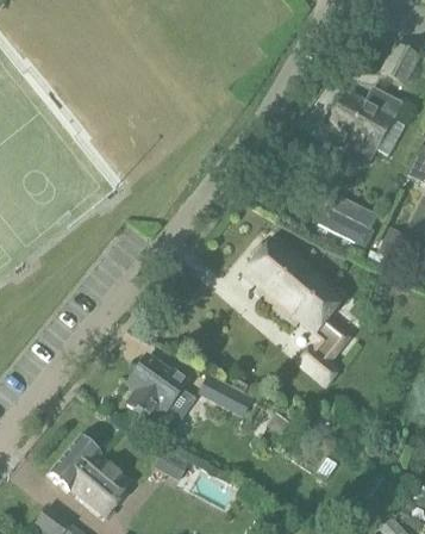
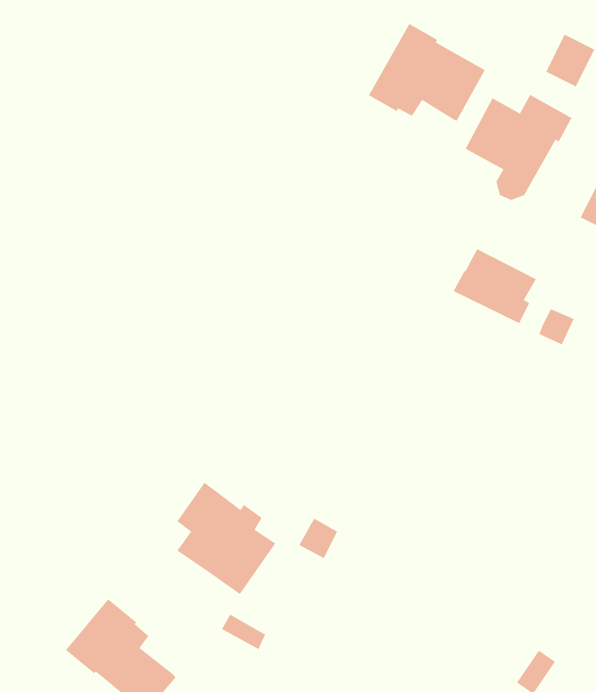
building: none -> [368,23,485,121]
building: [243,241,352,384] -> none

